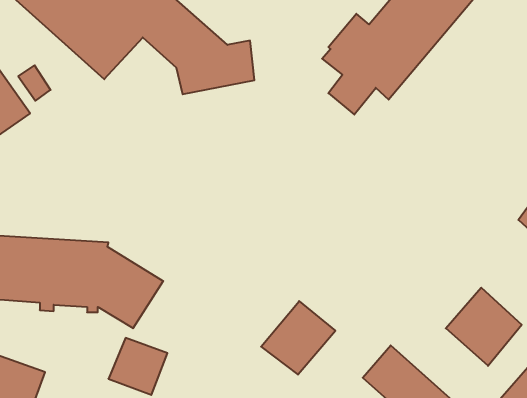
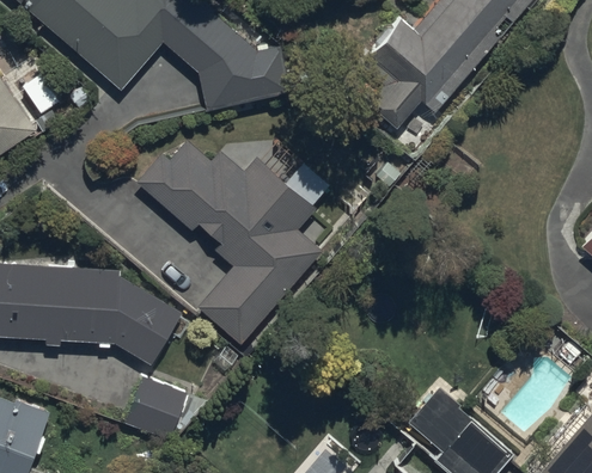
building: none -> [136,141,328,343]
building: [446,288,522,366] -> none
building: [261,301,335,375] -> none

